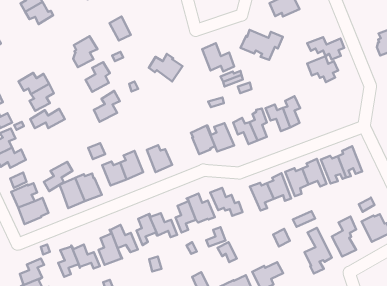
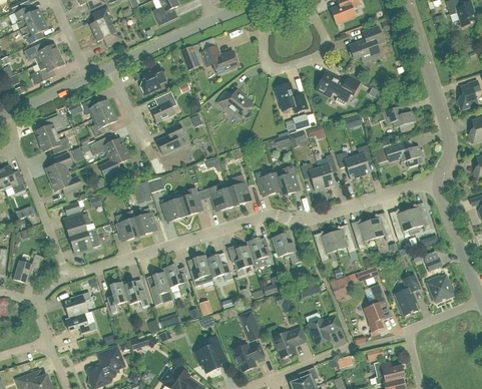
building: none -> [200,46,238,74]
building: [307,37,344,60] -> [384,142,422,166]
building: none -> [227,174,251,206]
building: [44,162,73,191] -> [99,148,130,177]

